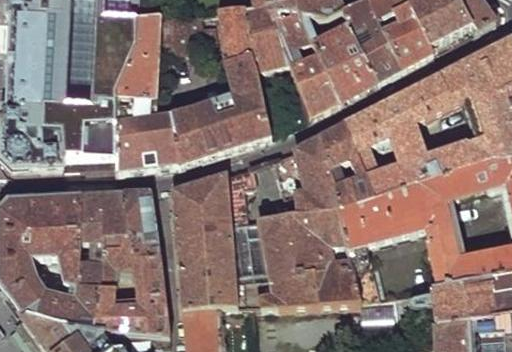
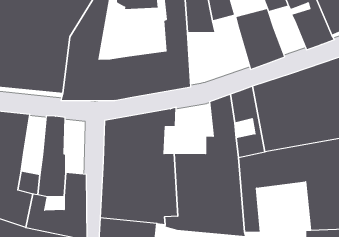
building: [359,34,402,80] -> none
building: [290,52,338,116] -> none
building: [123,188,158,256] -> none
building: [79,191,102,239] -> none

